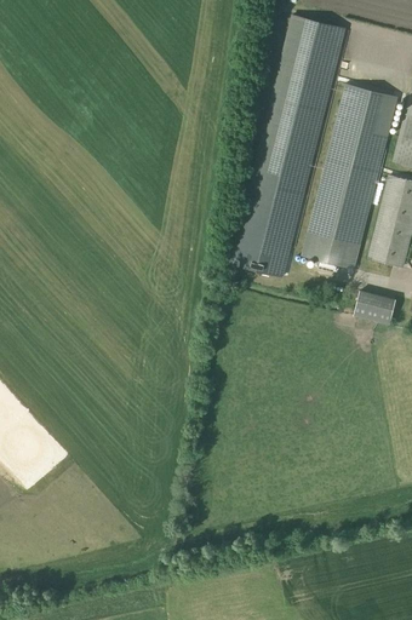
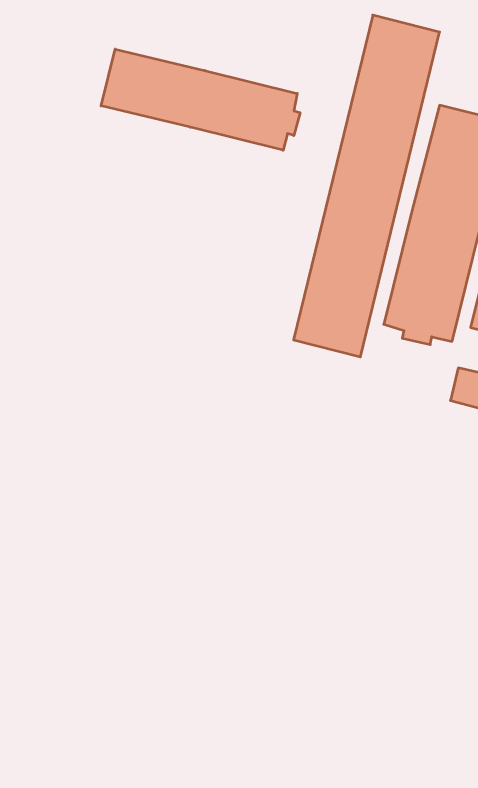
building: none -> [101,49,300,150]

